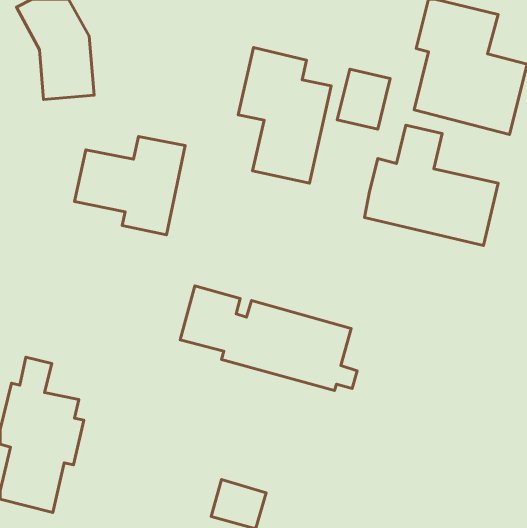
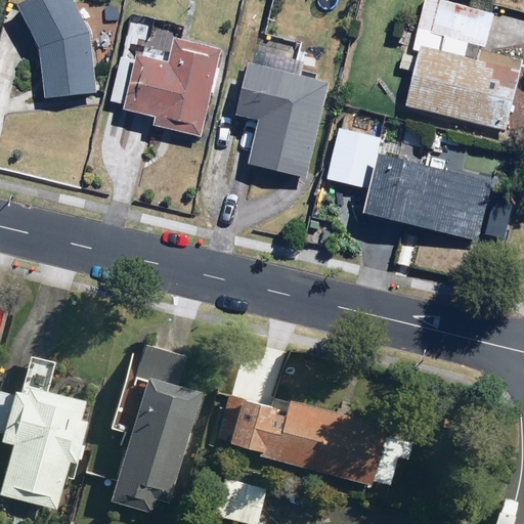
building: [337,69,390,129] -> [328,130,380,189]
building: [74,136,185,235] -> [112,41,221,138]
building: [180,286,357,391] -> [217,381,392,484]
building: none -> [111,341,199,508]

